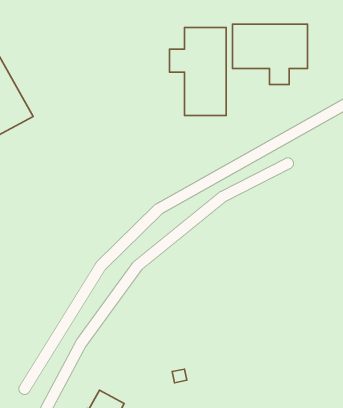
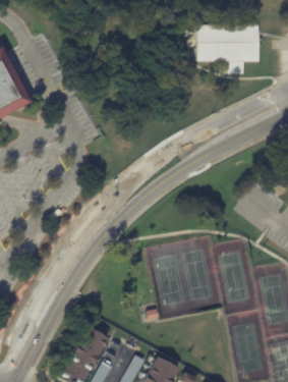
building: [170,28,226,115] -> none

